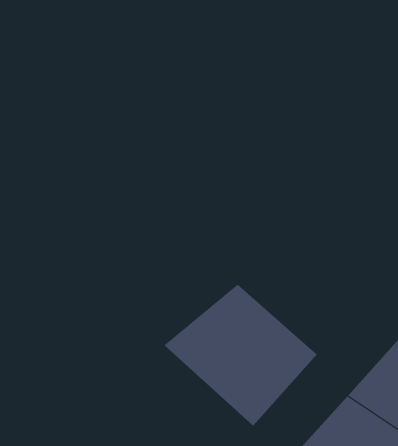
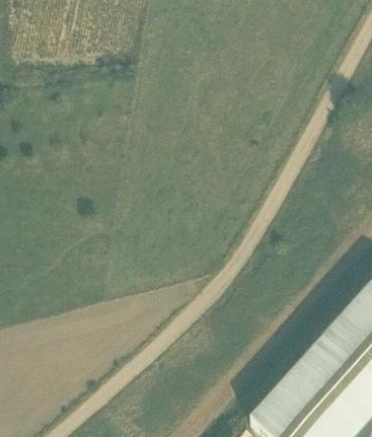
building: [164,284,317,426] -> none

